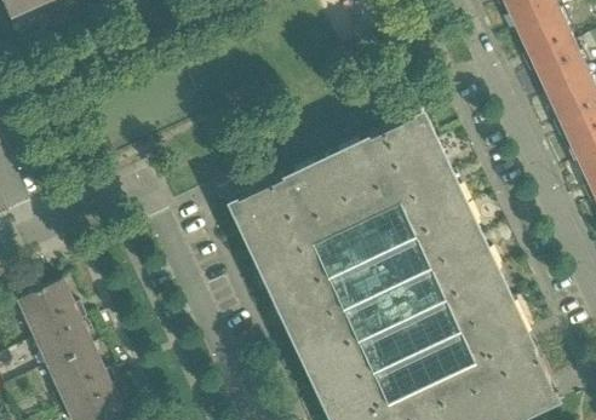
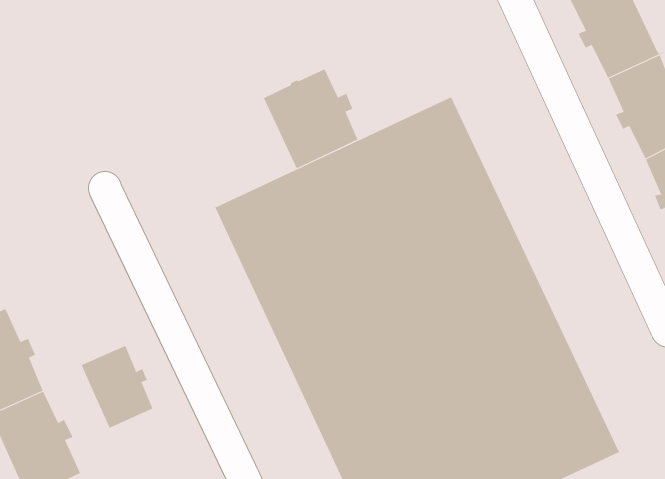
building: none -> [263,68,358,169]
building: none -> [77,345,153,430]

